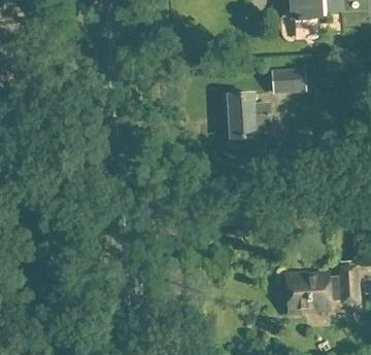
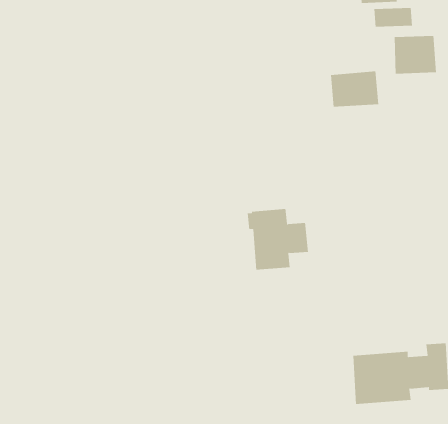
building: none -> [394,35,437,75]
building: [221,93,266,138] -> [247,209,309,270]

